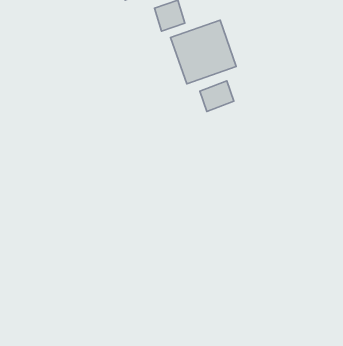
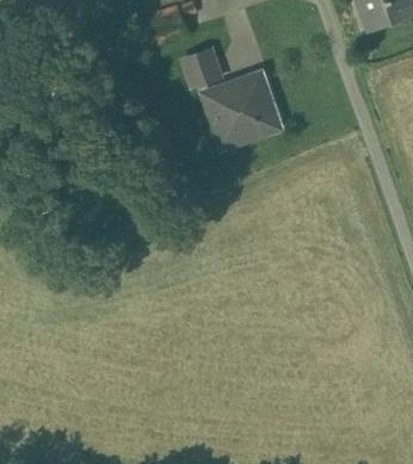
building: [200,81,234,112] -> none

